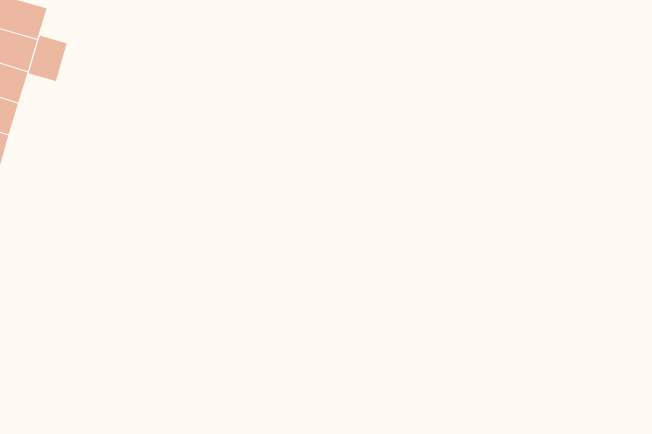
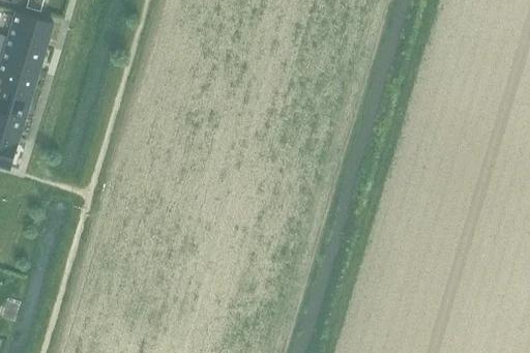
building: [28,35,68,82] -> none

